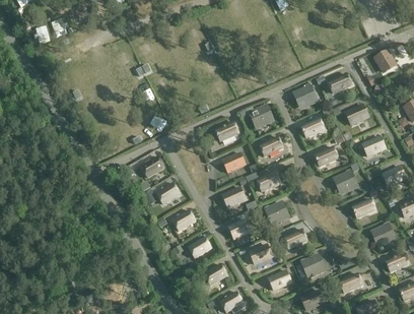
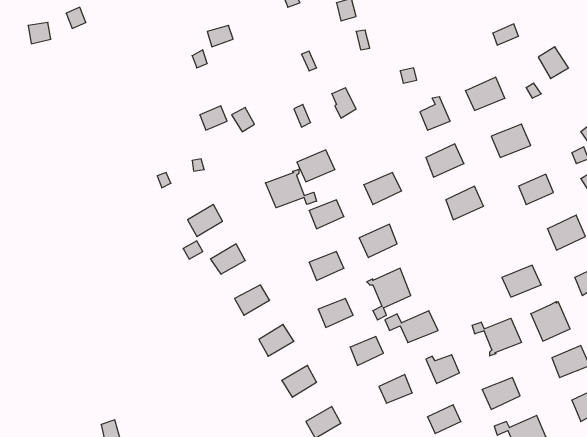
building: [248,103,275,129] -> none
building: none -> [265,169,317,208]
building: [333,169,359,194] -> none
building: none -> [472,318,522,356]

